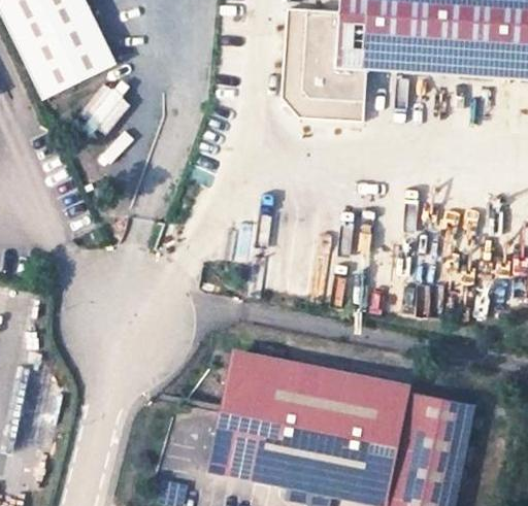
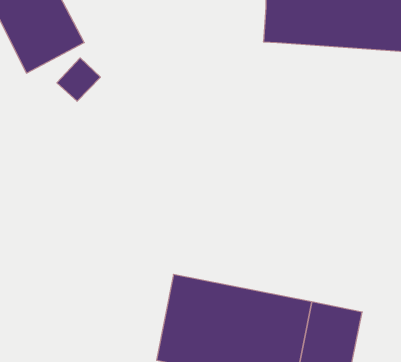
building: [288,10,364,120] -> none

